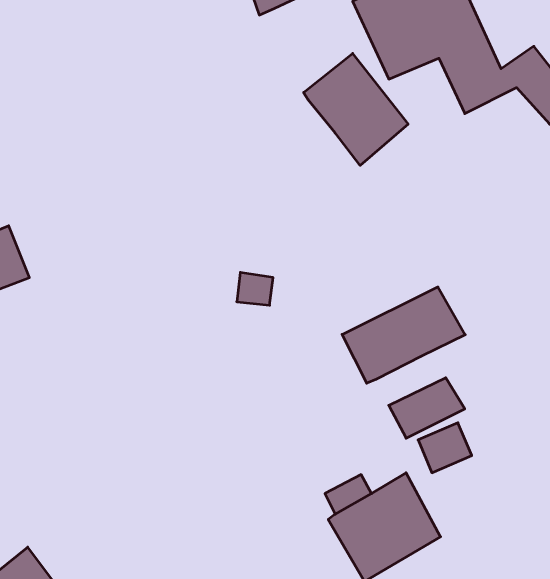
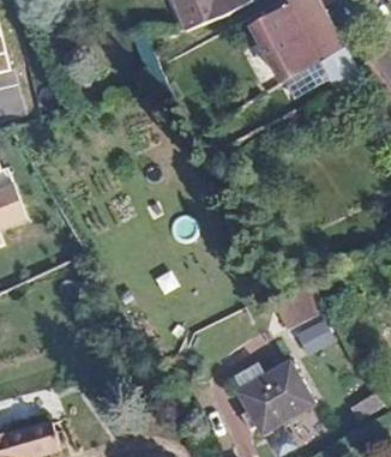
building: [304,53,408,165] -> none
building: [342,287,465,383] -> none

